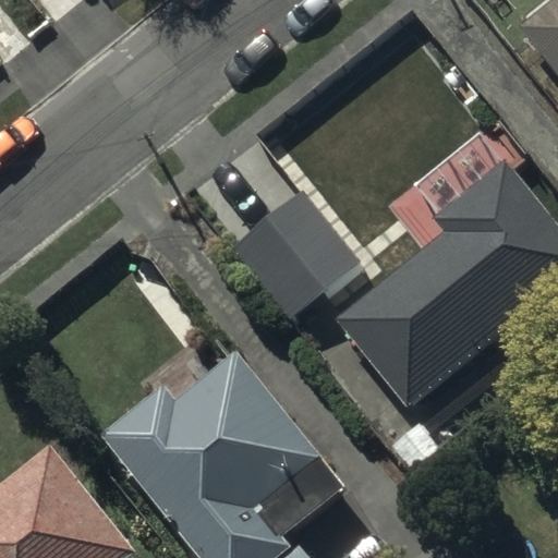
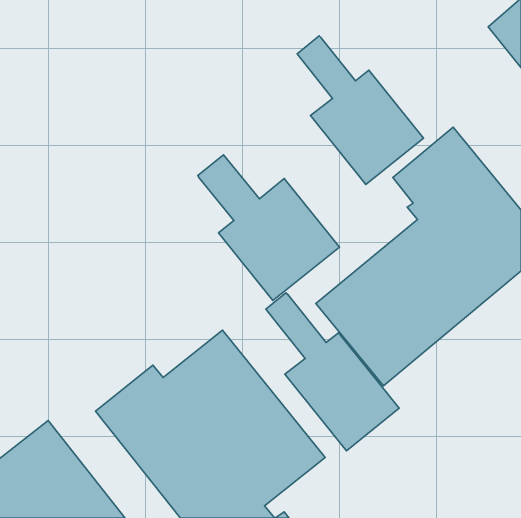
building: none -> [297,36,423,185]
building: none -> [266,293,399,451]

